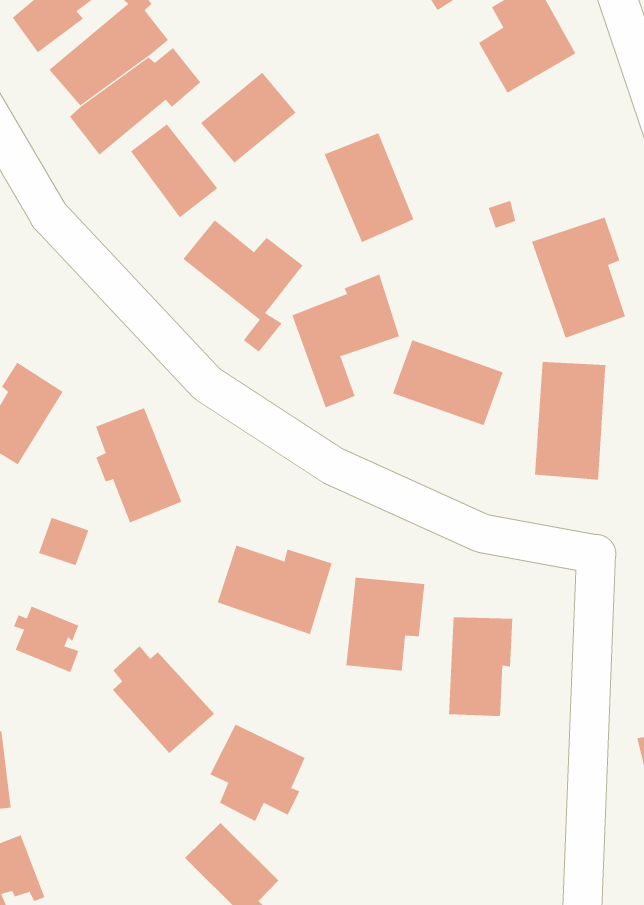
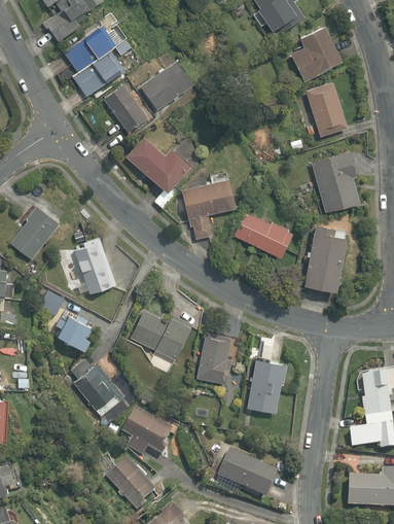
building: [324,133,414,243] -> [303,80,349,138]
building: [13,606,79,673] -> [56,313,91,350]
building: none -> [218,448,277,498]

